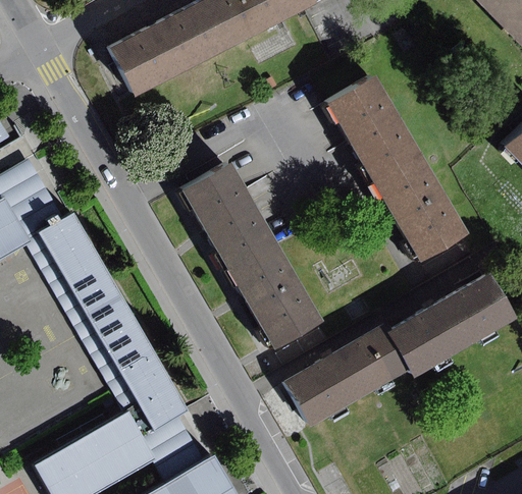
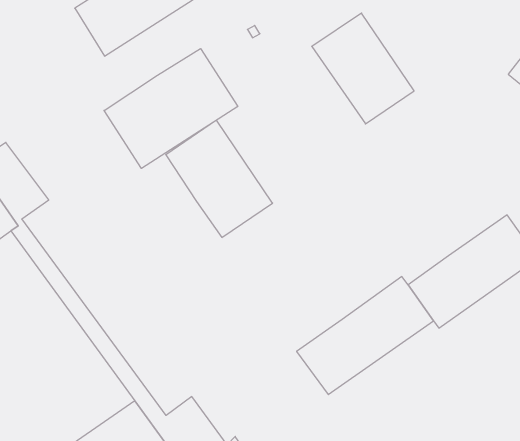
building: none -> [104,49,238,168]
building: [367,152,461,261] -> none
building: [41,216,193,431] -> none
building: [224,243,319,351] -> none

